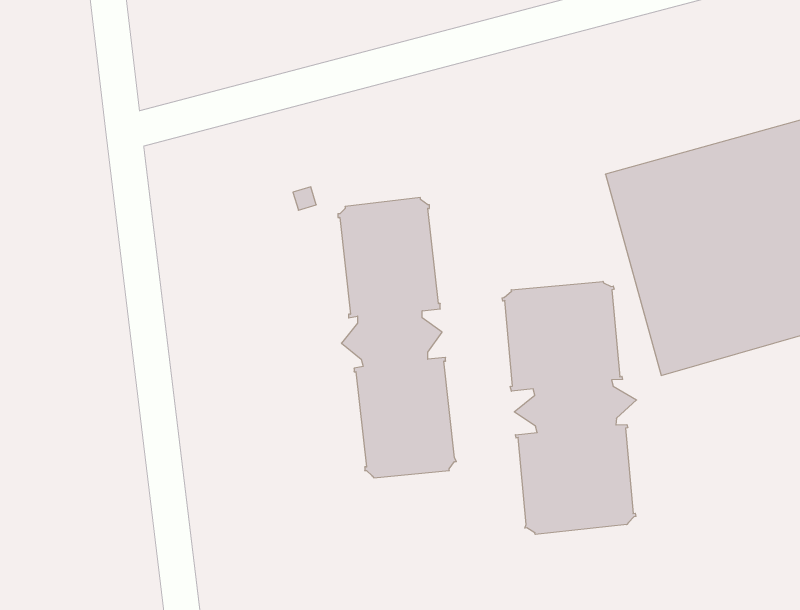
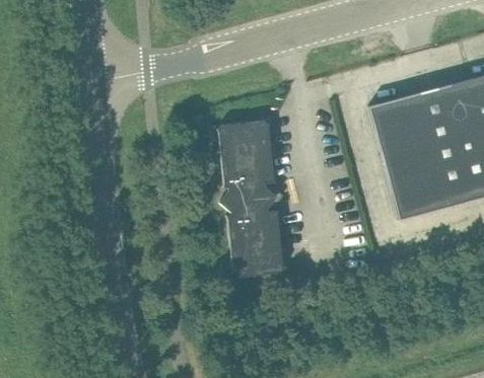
building: [502,281,637,534] -> none

